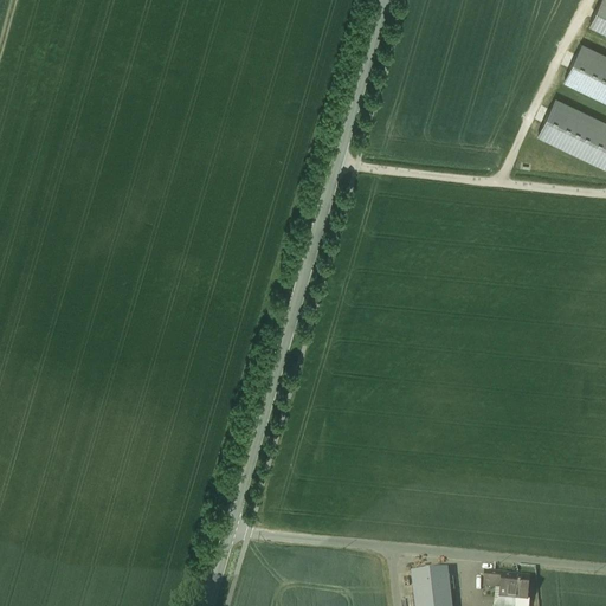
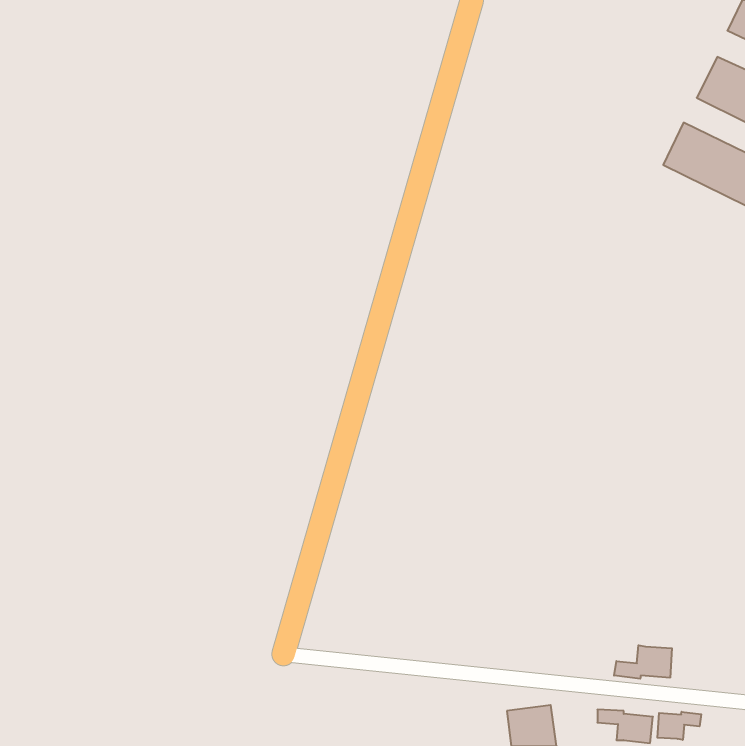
building: none -> [614,645,672,679]
building: none -> [657,712,701,740]

